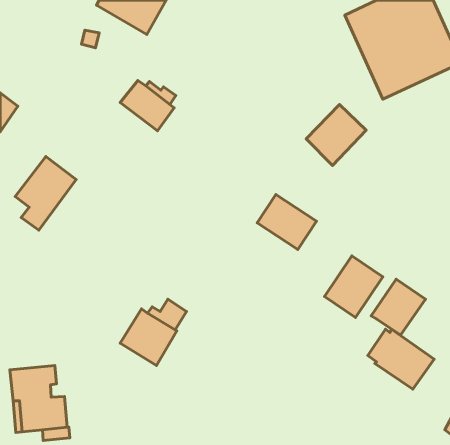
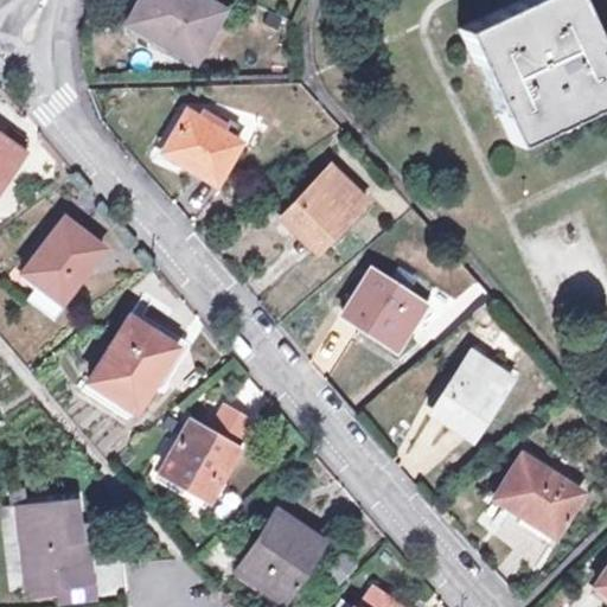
building: [306,104,366,165] -> [288,168,369,250]
building: none -> [91,320,175,409]
building: [371,279,425,335] -> none
building: none -> [239,513,321,599]

